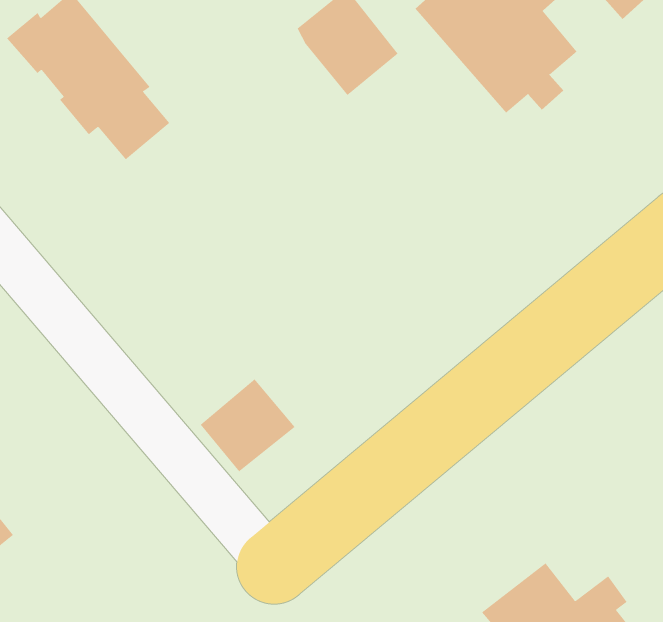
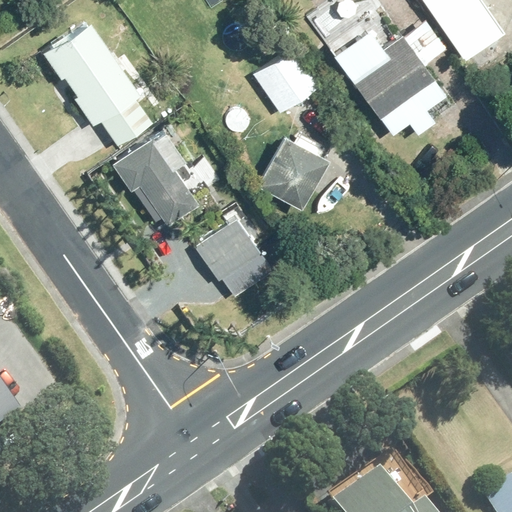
building: none -> [257,137,328,211]
building: none -> [111,129,198,226]
building: [200,378,295,472] -> [194,216,262,282]

